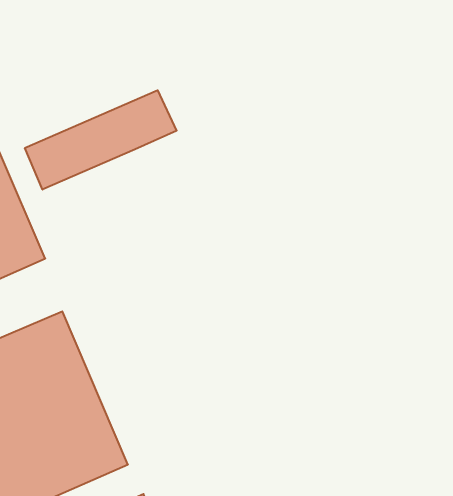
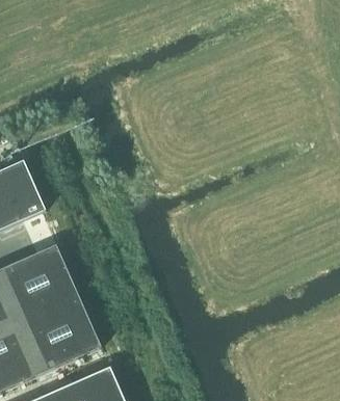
building: [25,90,177,190] -> none

